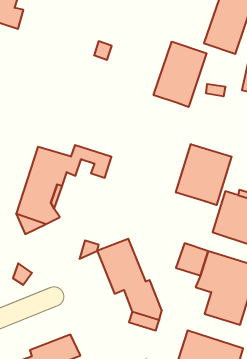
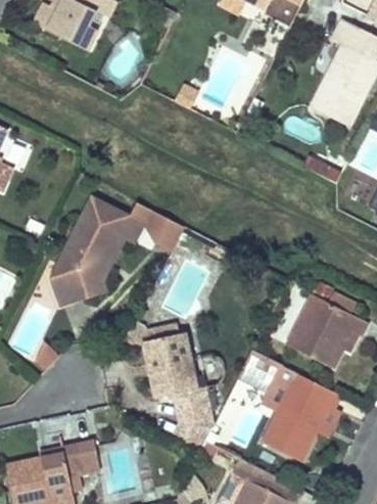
building: [154,42,207,107] -> none
building: [176,144,232,205] -> none

